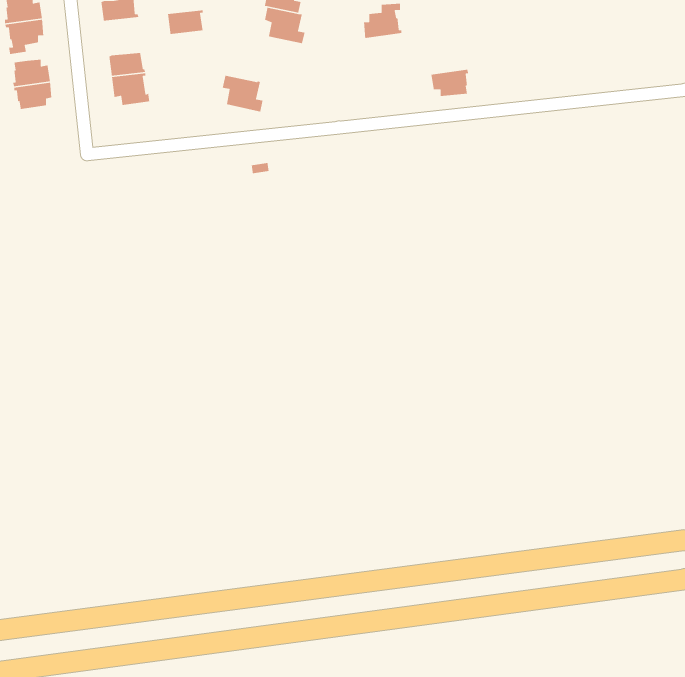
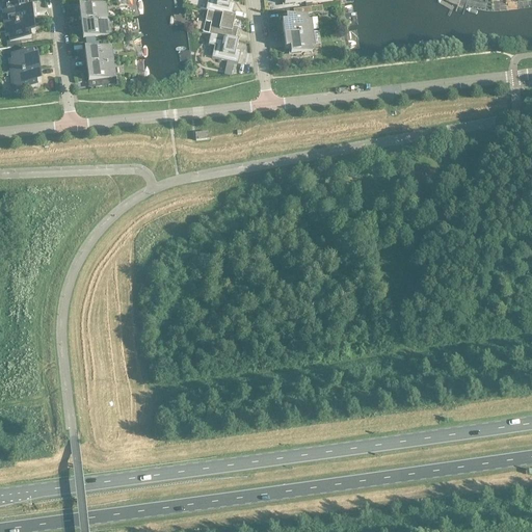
building: [167,10,203,35] -> [80,14,108,33]
building: [430,69,469,97] -> [283,26,313,48]
building: [218,75,264,112] -> [205,29,240,58]

